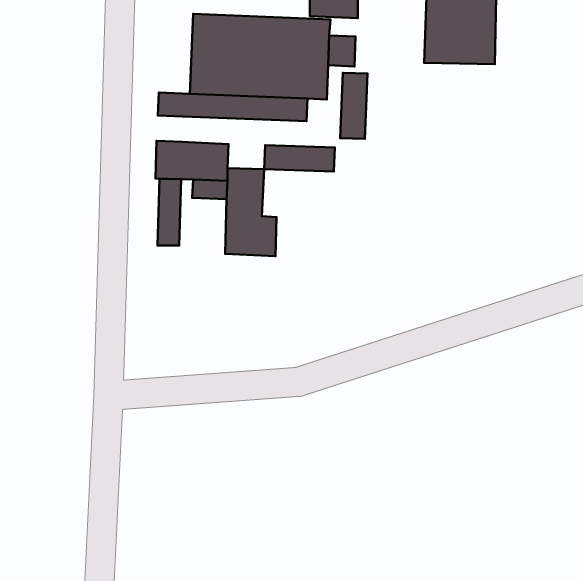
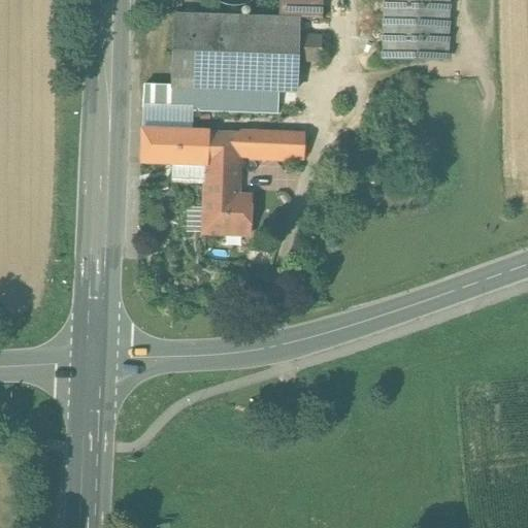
building: [340,73,368,139] -> none
building: none -> [142,104,166,128]
building: none -> [206,130,240,153]
building: [157,179,181,246] -> none

